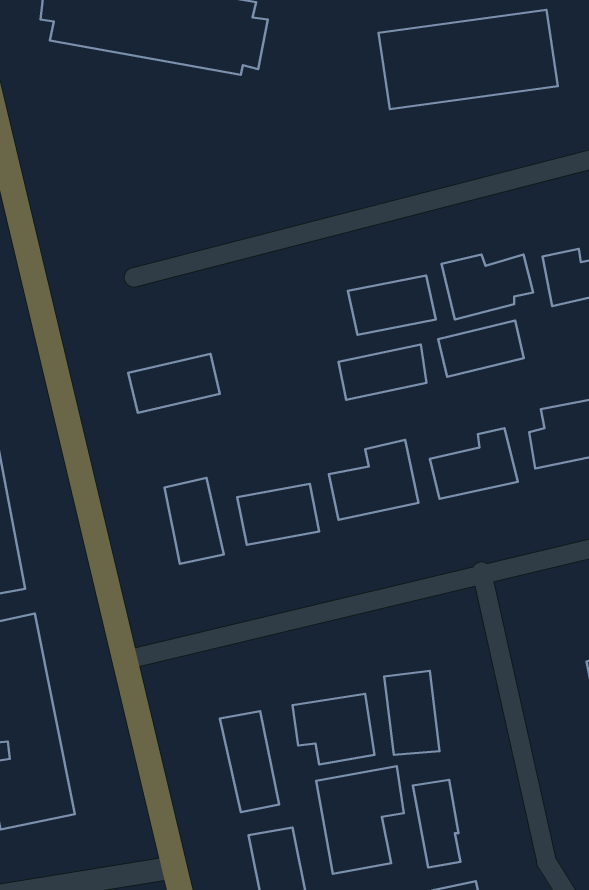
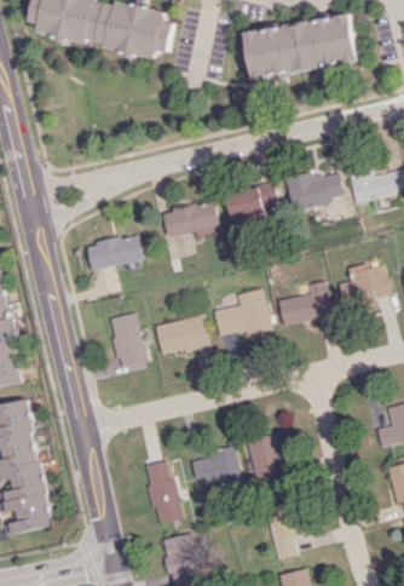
building: [438,321,524,377] -> none
building: [339,345,426,400] -> [163,201,219,236]
building: [316,766,404,874] -> none

